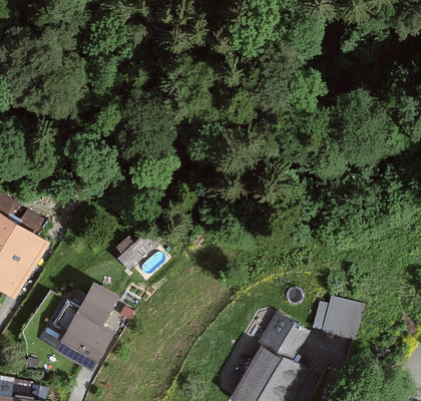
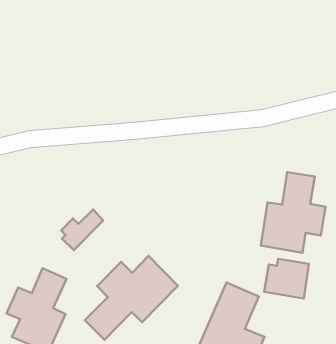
building: none -> [261,172,326,253]
building: none -> [85,256,178,340]

